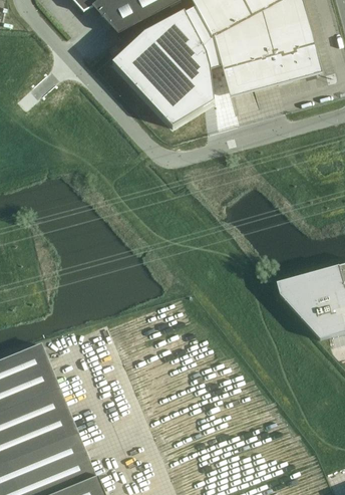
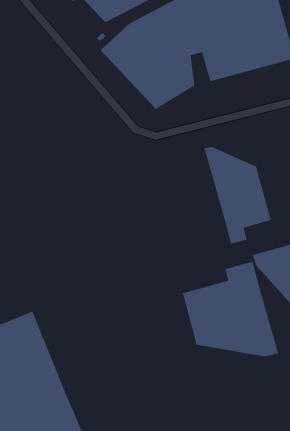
building: none -> [203,146,272,245]
building: none -> [181,261,279,357]

